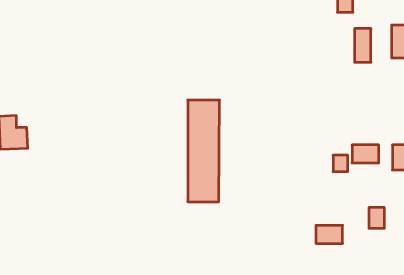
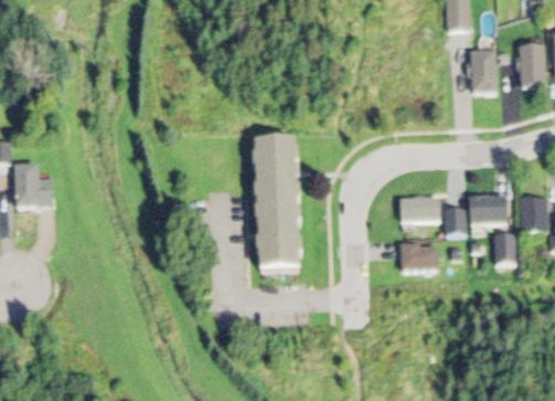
building: none -> [399,200,436,221]
building: [369,208,384,228] -> [497,235,516,262]
building: [316,225,343,243] -> [403,246,437,270]

